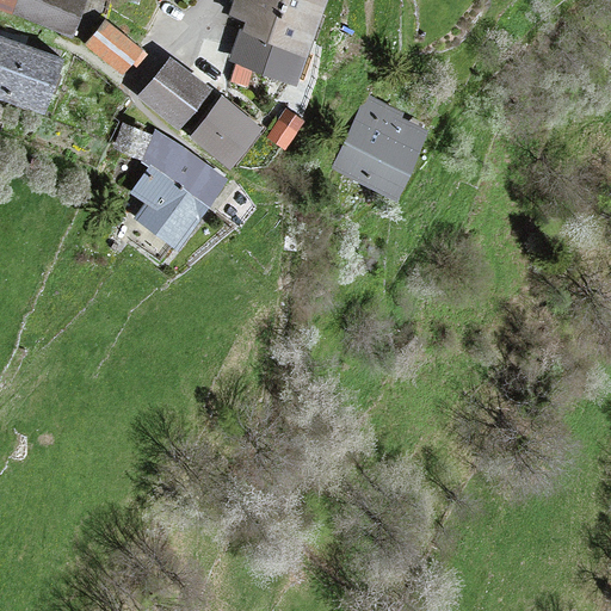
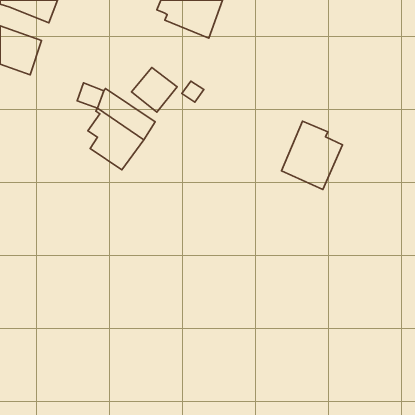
building: [86,20,142,74] -> none
building: [230,30,307,86] -> none
building: [138,56,212,130] -> none
building: [335,97,425,197] -> [281,121,342,190]

